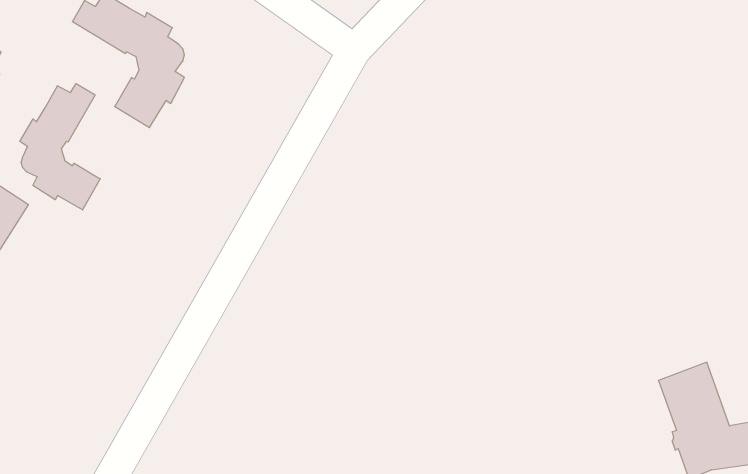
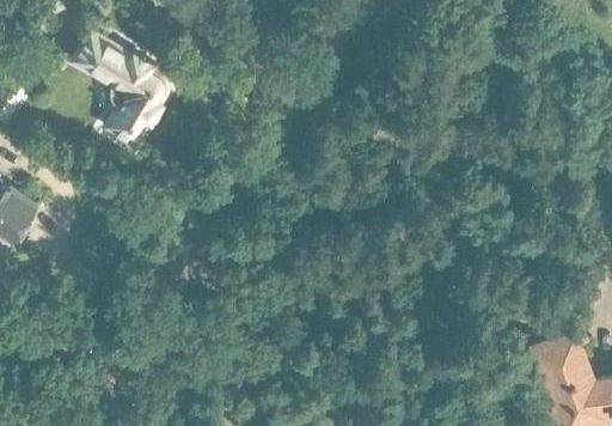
building: [20,84,100,210] -> none

